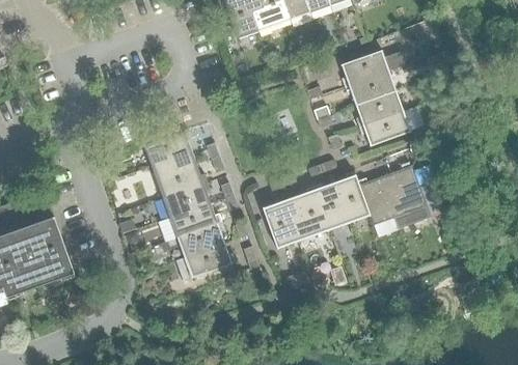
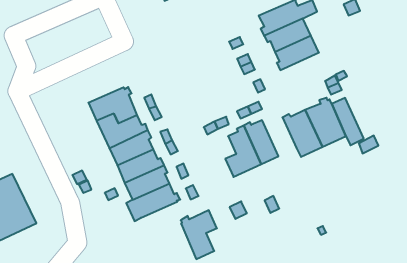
building: [359,112,411,146] -> none
building: [334,171,370,223] -> none
building: [263,196,302,249] -> [181,210,217,259]

